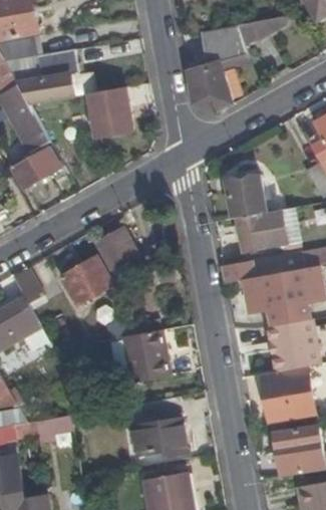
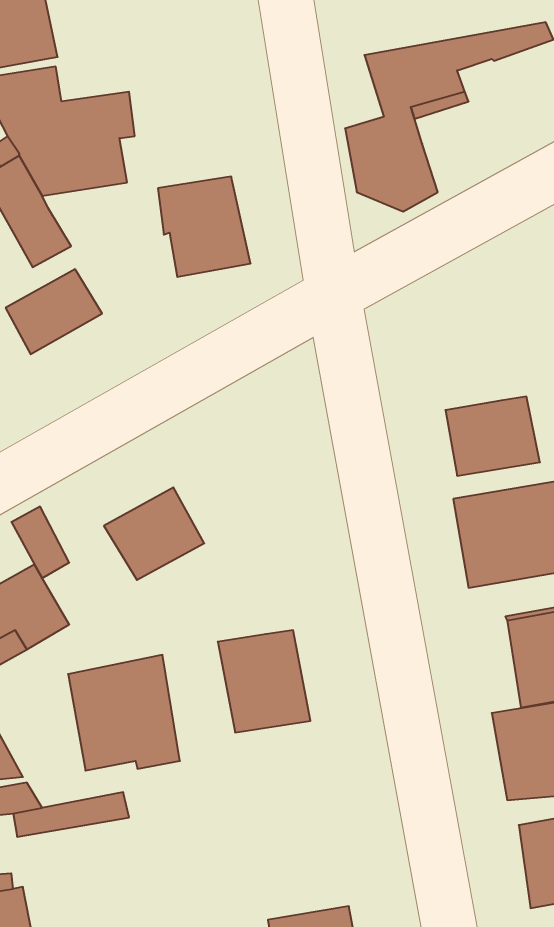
building: [226,175,266,218] -> none
building: [96,228,137,280] -> none
building: [129,396,188,456] -> [68,655,180,771]

